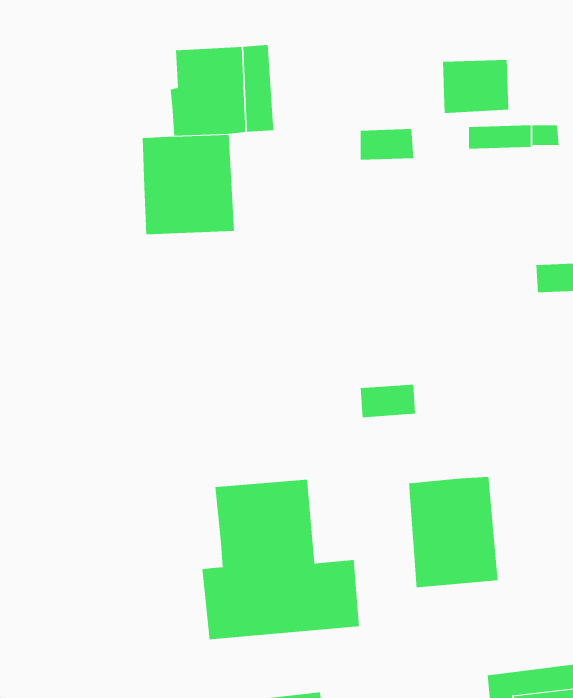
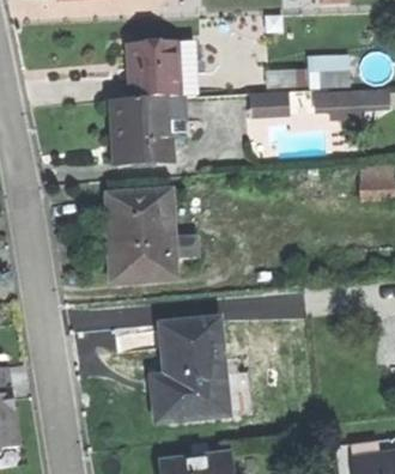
building: none -> [105,192,195,280]
building: [408,476,498,588] -> none

